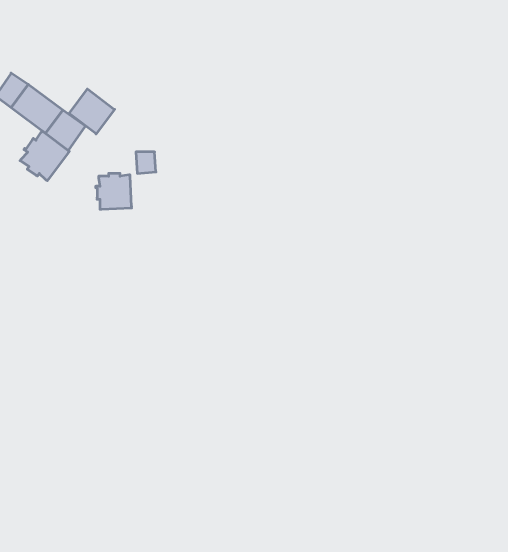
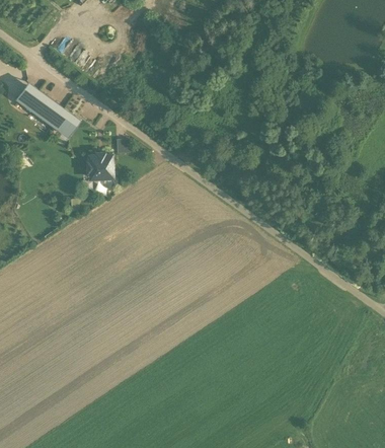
building: [69,89,115,134] -> none
building: [20,131,69,181] -> none

